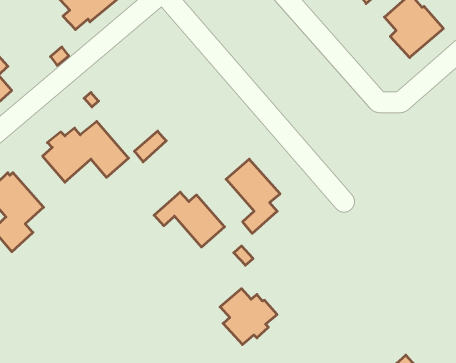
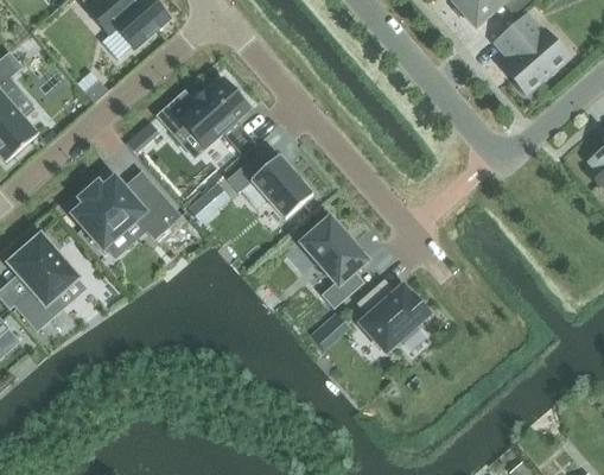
building: none -> [158,78,255,153]
building: [154,192,225,247] -> [227,151,313,218]
building: [220,289,277,345] -> [358,280,428,349]

